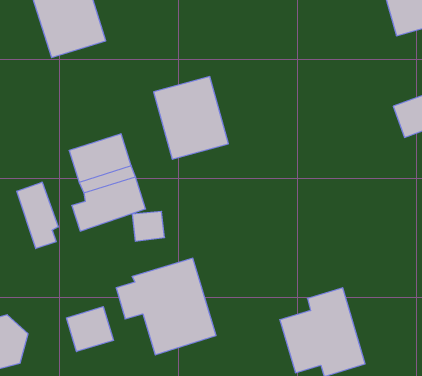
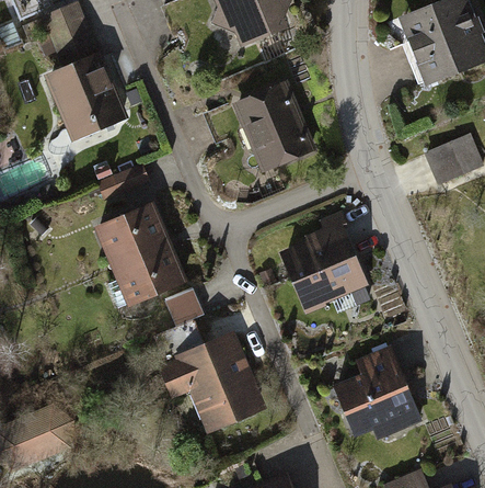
building: [154,77,228,159] -> [233,80,314,168]
building: none -> [281,226,368,314]
building: [17,182,58,249] -> none
building: [66,307,113,352] -> none

